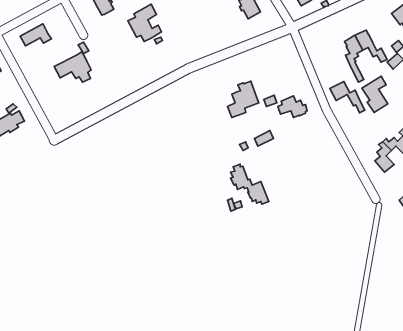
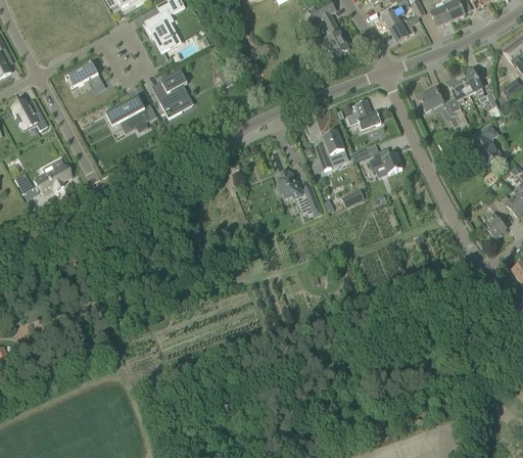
building: [128,4,162,41] -> [153,70,193,113]
building: none -> [346,99,381,129]
building: [330,82,365,113] -> [419,89,460,126]
building: [231,164,269,204] -> [277,169,322,216]

